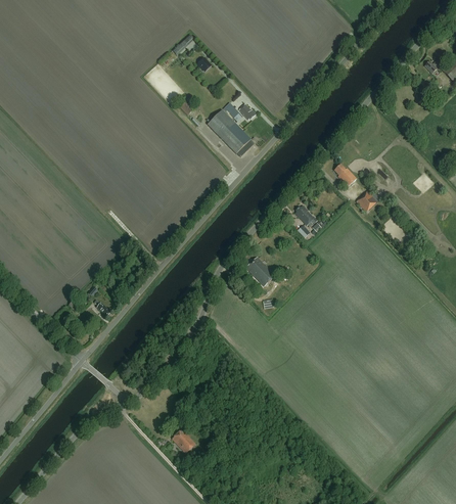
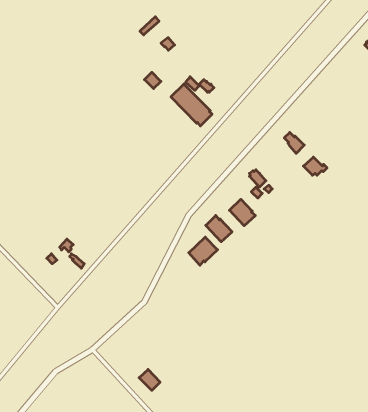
building: none -> [229,199,255,226]
building: none -> [189,237,218,265]

